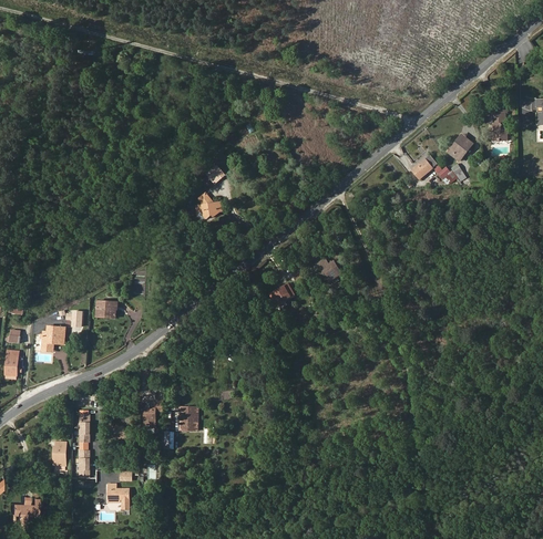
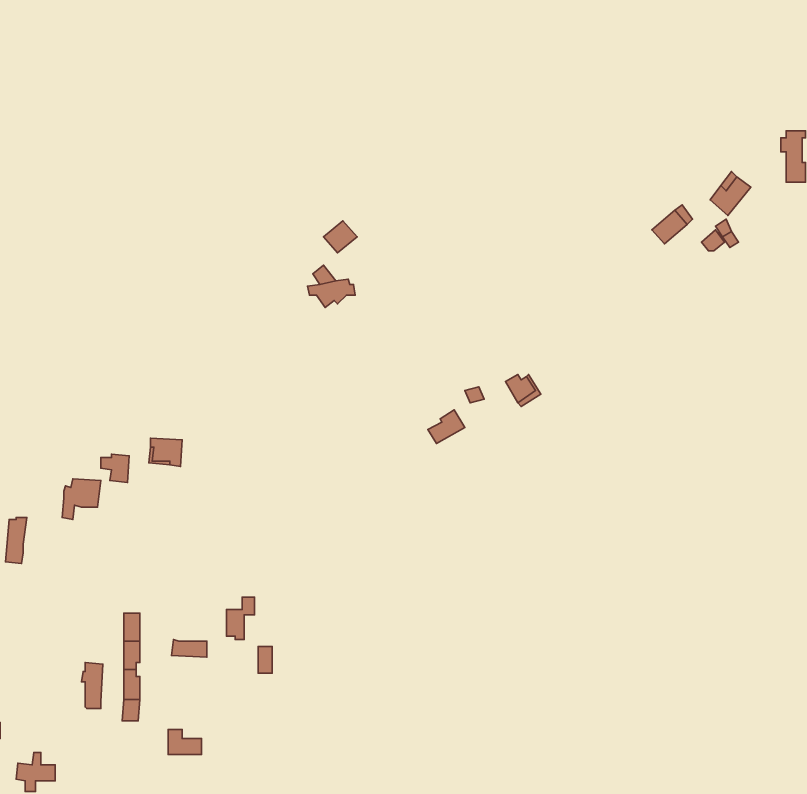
building: [177,407,197,431] -> none

